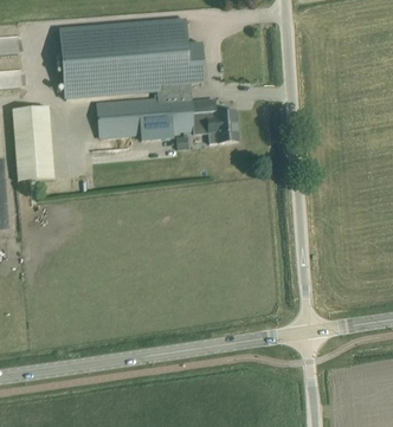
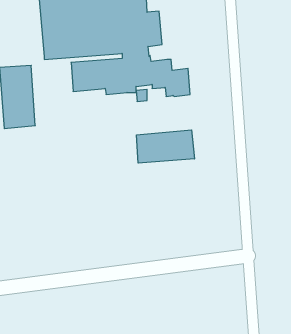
building: none -> [137,130,194,163]

